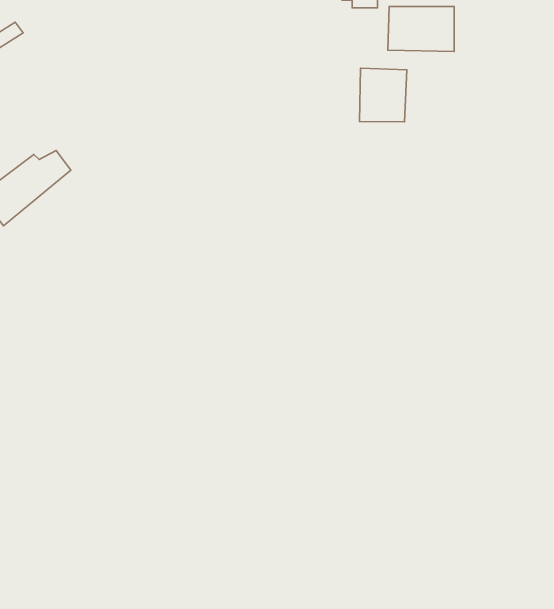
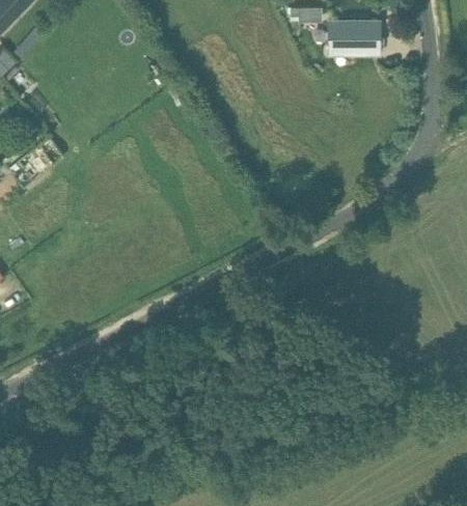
building: [359,68,407,122] -> none

